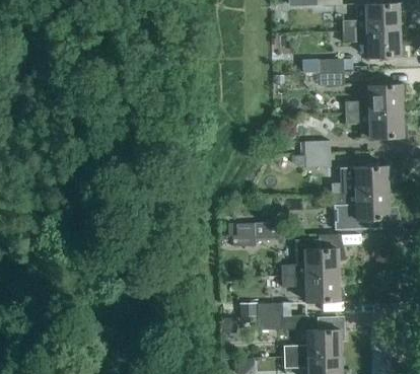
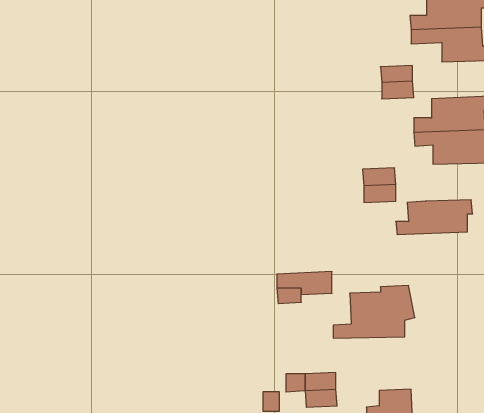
building: [332,192,393,229] -> none
building: [281,275,343,302] -> none

